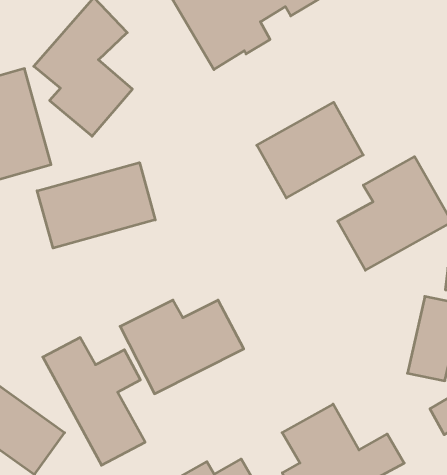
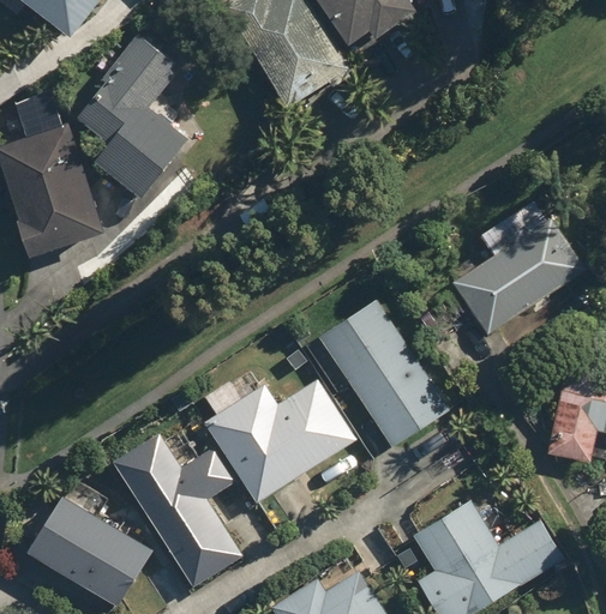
building: [257,102,363,198] -> none
building: [37,163,155,248] -> none
building: none -> [317,301,448,449]

